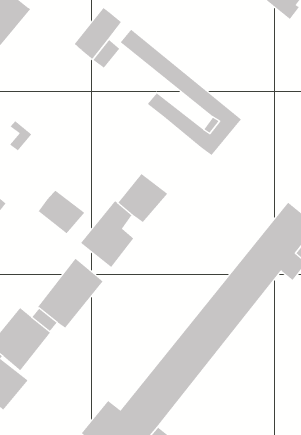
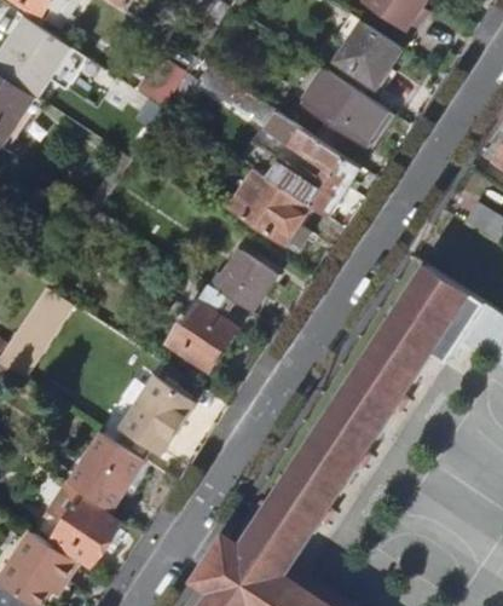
building: none -> [336,24,398,87]
building: none -> [294,68,385,149]
building: none -> [233,173,307,246]
building: [38,190,85,234] -> none

